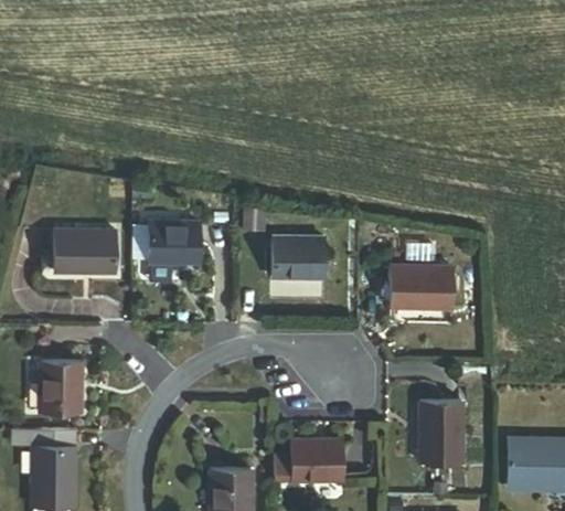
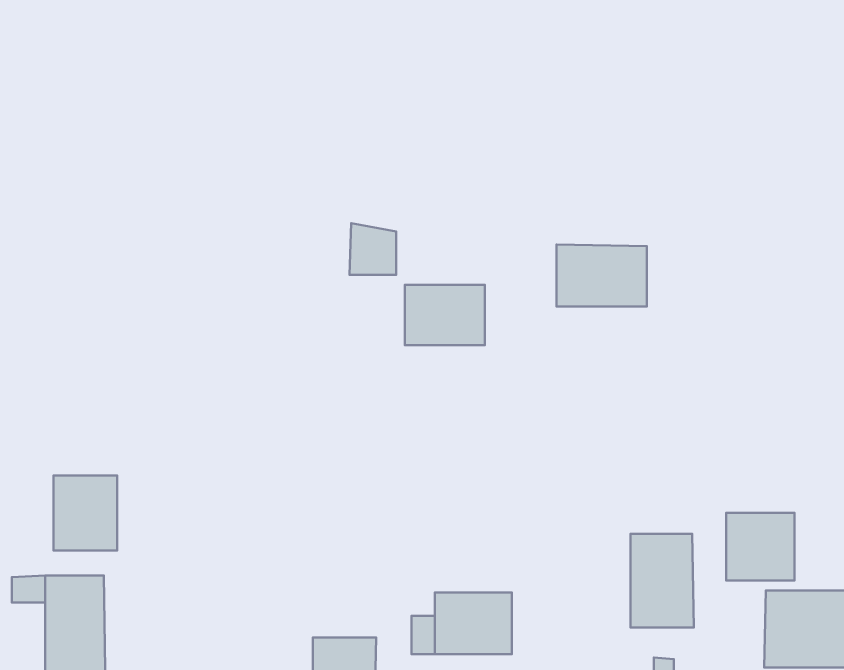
building: [132,223,200,263] -> none
building: [54,231,116,272] -> none
building: [392,267,451,308] -> [557,245,647,306]
building: none -> [726,513,794,580]

